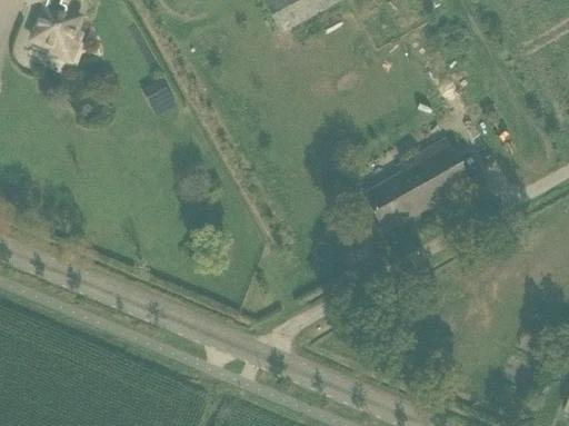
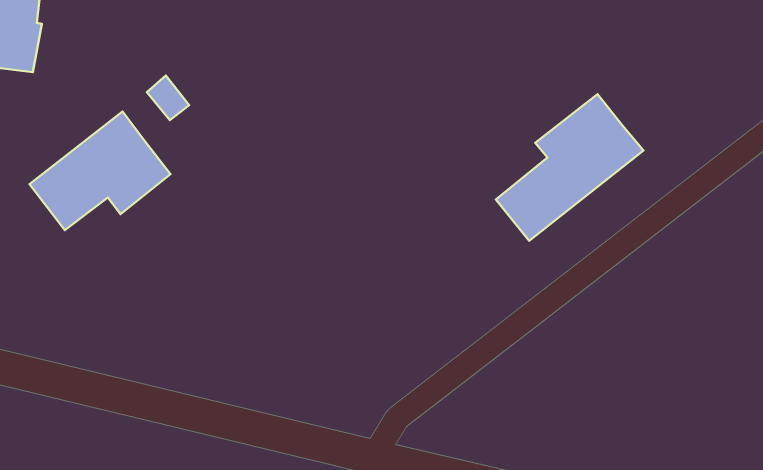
building: none -> [30,112,170,230]

